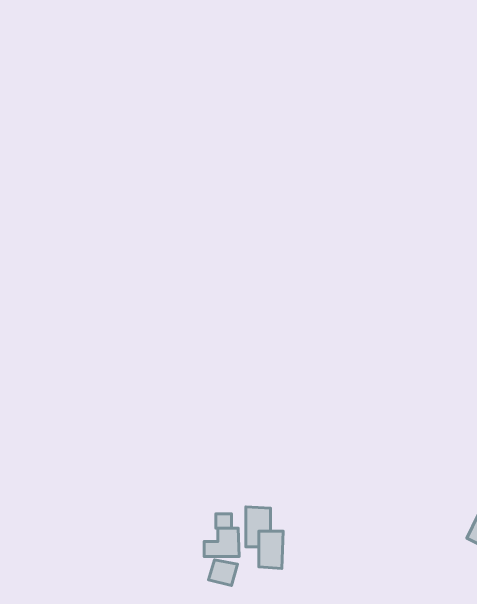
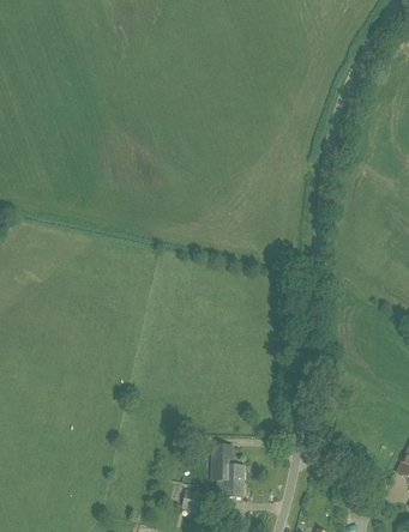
building: [204,528,239,557] -> none

